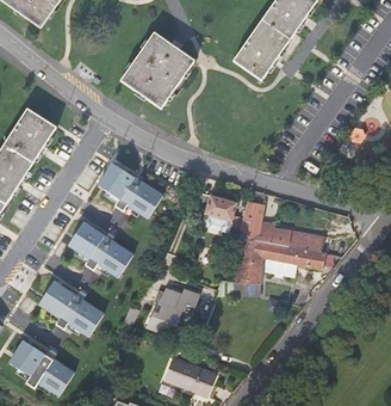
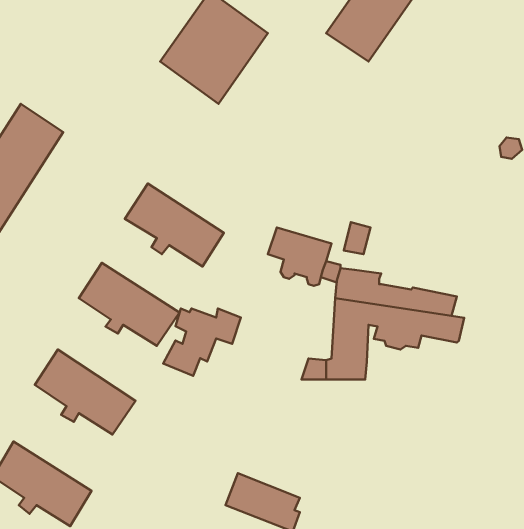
building: [145,290,198,336] -> [163,309,241,376]

